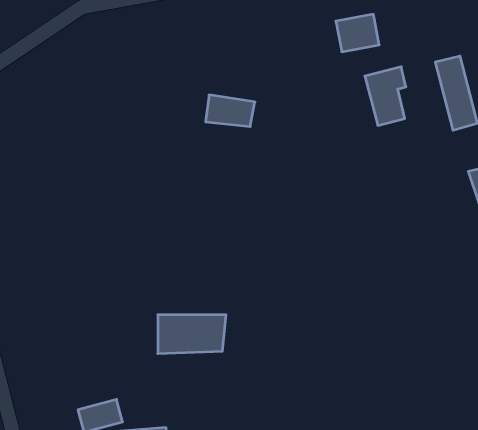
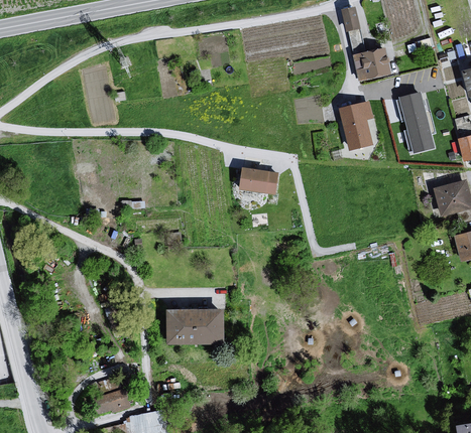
building: [336,14,379,52] -> [354,48,391,81]
building: [206,95,255,127] -> [233,168,275,195]

